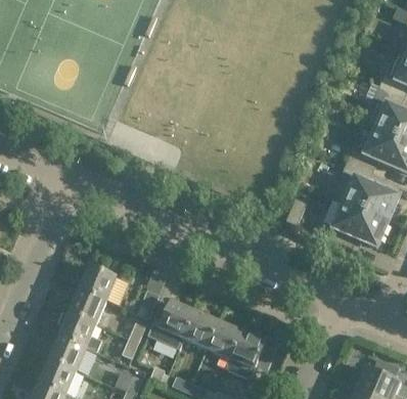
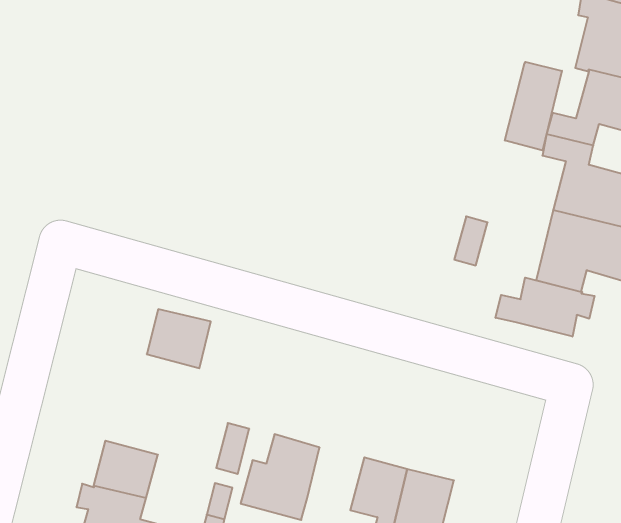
building: none -> [505,62,562,150]
building: none -> [496,278,595,337]
building: [79,265,117,301] -> [147,309,211,368]
building: [184,311,219,348] -> none

